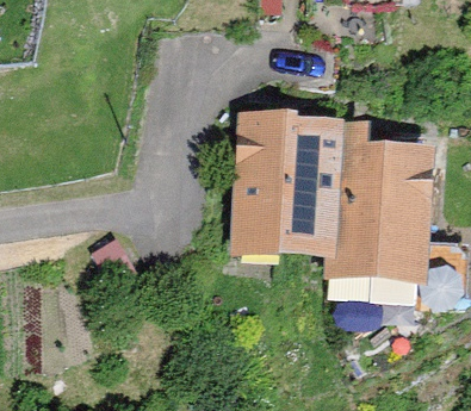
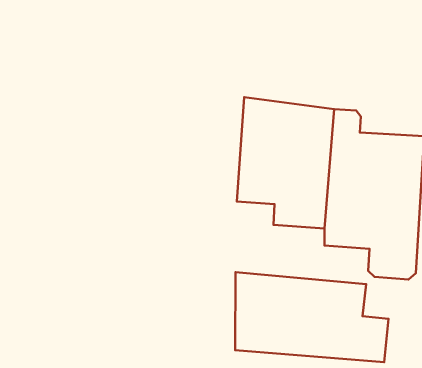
building: none -> [235,272,388,362]

